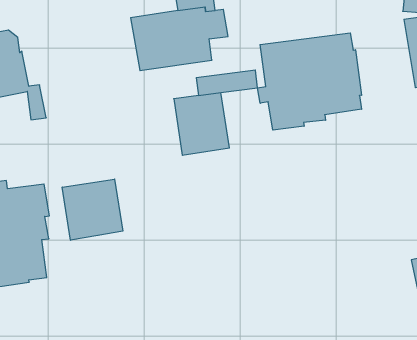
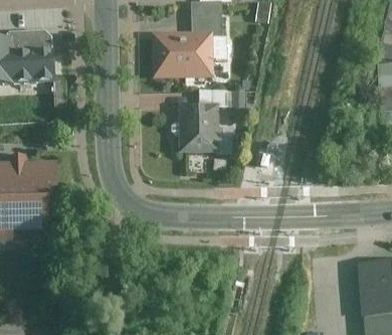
building: [258,33,362,130] -> none
building: [62,179,123,240] -> none

